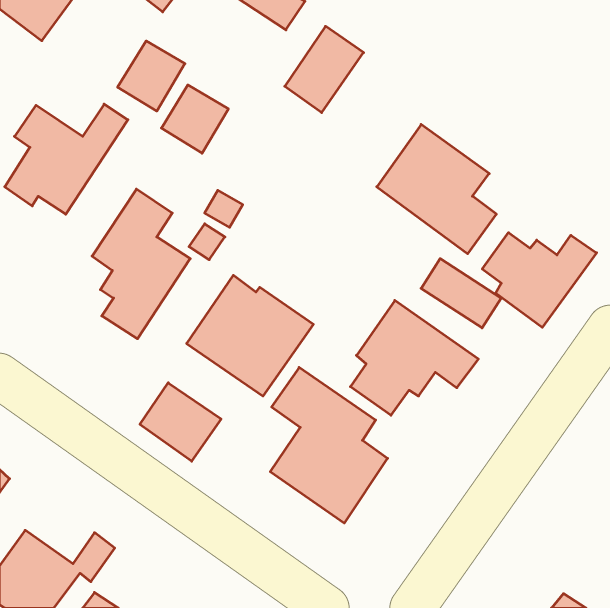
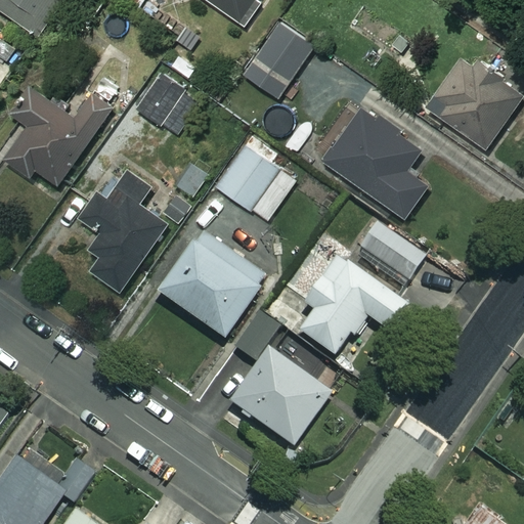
building: [118,41,185,111] -> none
building: none -> [425,54,518,146]
building: none -> [217,134,295,220]
building: [482,233,597,327] -> none
building: [140,383,221,461] -> none

